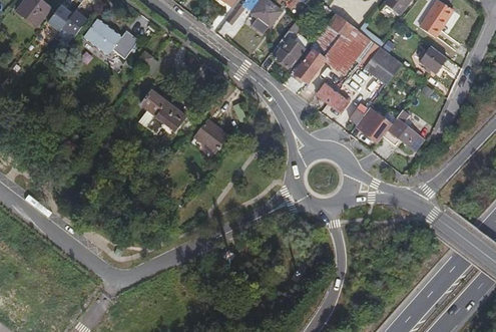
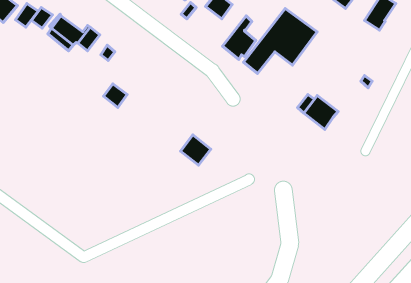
building: [364,42,402,83] -> none
building: [418,44,445,72] -> none
building: [317,84,348,112] -> none
building: [150,104,189,138] -> none
building: [387,111,424,149] -> none
building: [197,122,229,154] -> [180,135,211,165]

